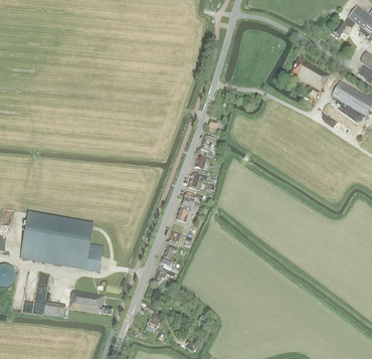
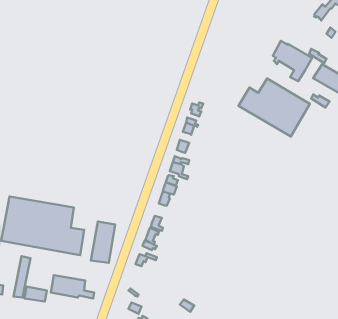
building: none -> [238,78,310,137]
building: none -> [91,221,115,263]

